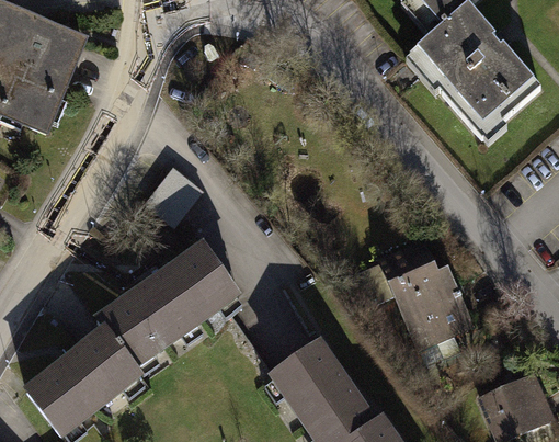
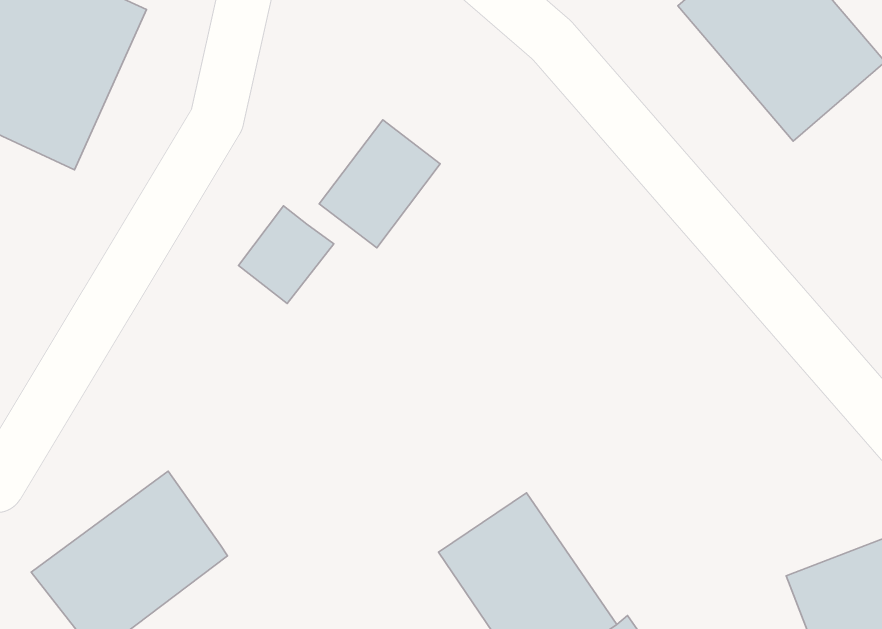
building: none -> [319,120,440,248]
building: [90,240,240,372] -> none
building: [378,240,471,348] -> none

